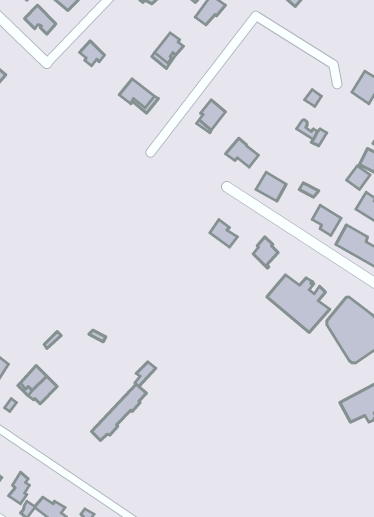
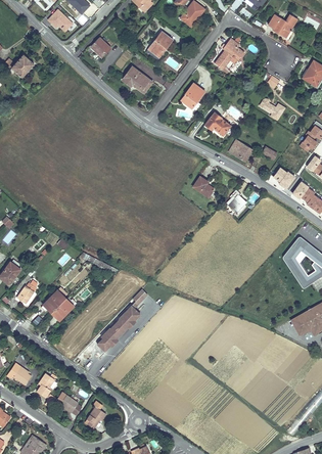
building: none -> [268,14,297,40]
building: none -> [215,36,243,70]
building: [267,275,330,333] -> none

